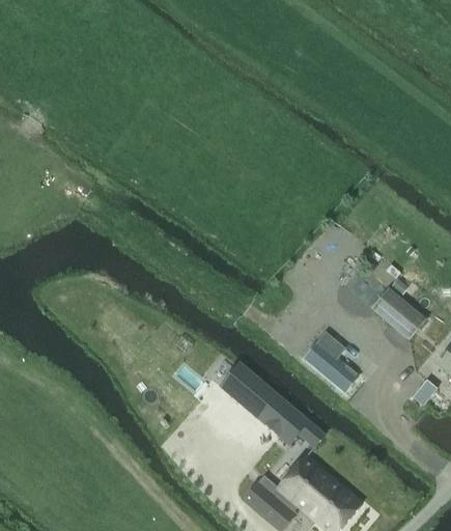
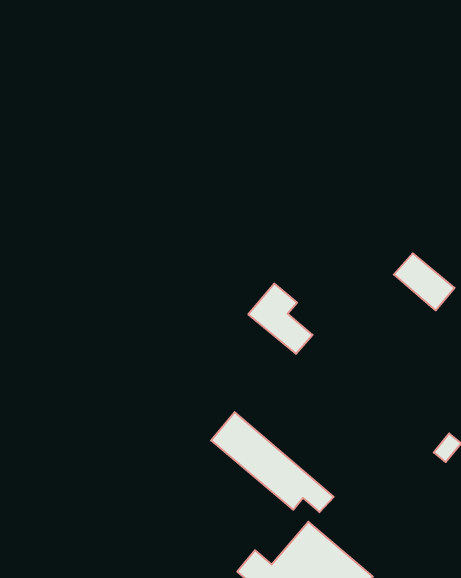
building: [371,288,424,338] -> [394,253,455,310]
building: [303,330,359,391] -> [248,284,313,354]

